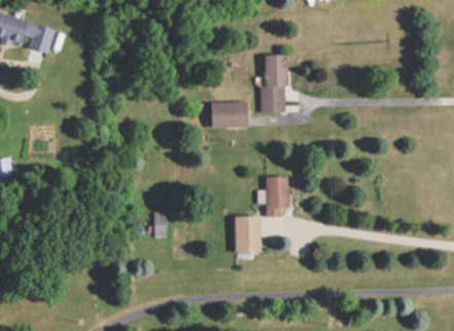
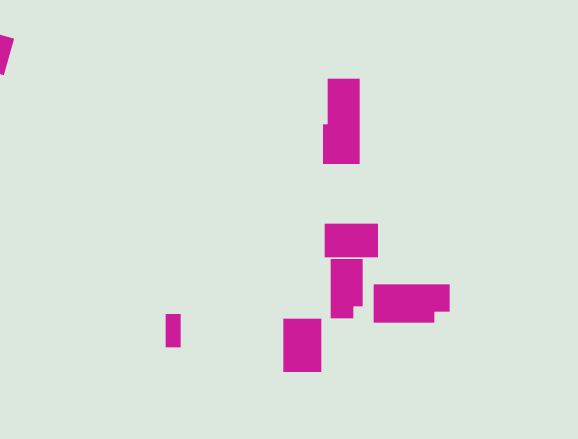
building: [210,103,247,126] -> [324,223,379,258]
building: none -> [373,283,451,323]

